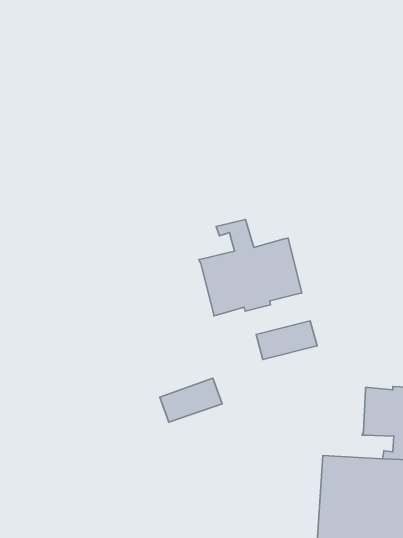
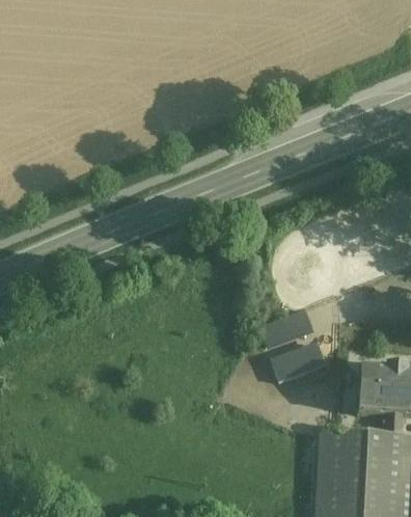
building: [199,220,302,316] -> none
building: [160,378,222,422] -> [272,341,329,381]

